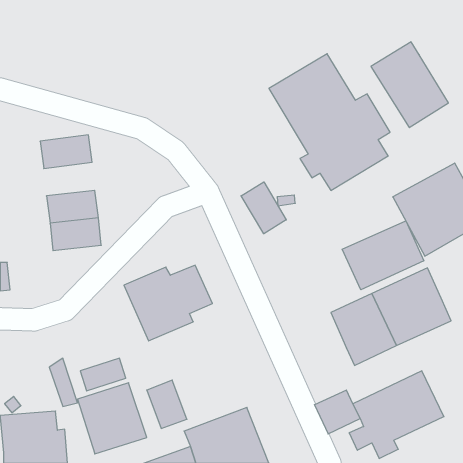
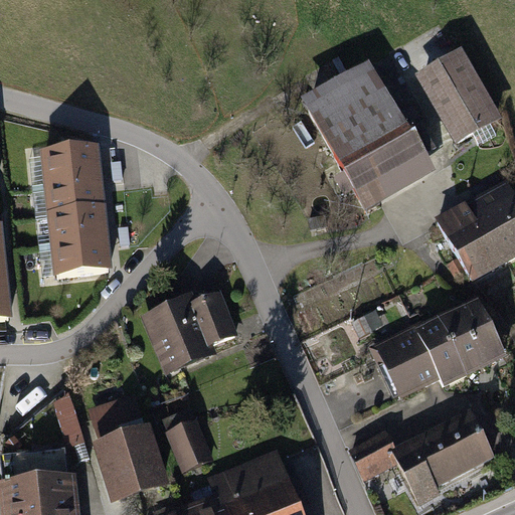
building: none -> [51,179,108,216]
building: [241,182,286,234] -> none
building: [342,221,424,290] -> none

